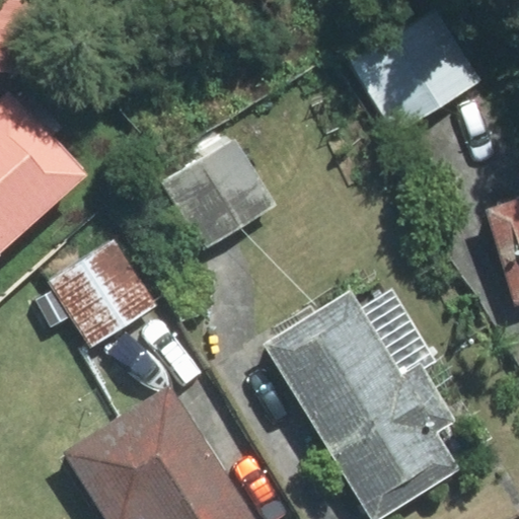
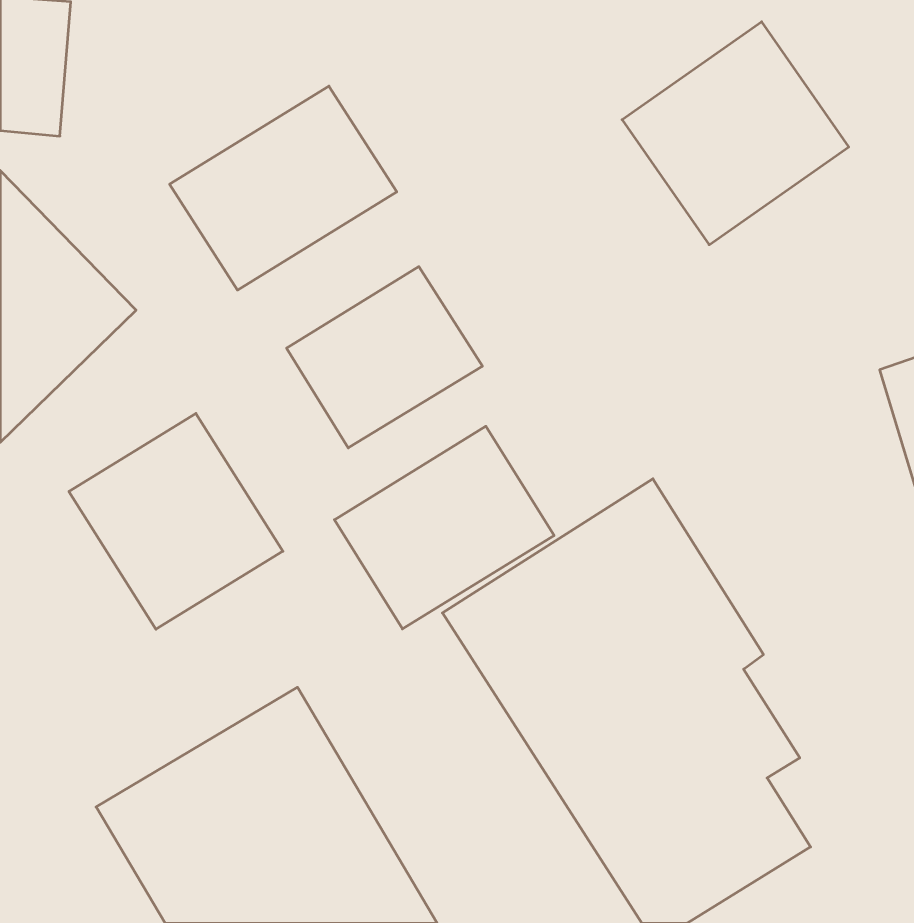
building: none -> [170,86,397,290]
building: none -> [334,426,554,629]

